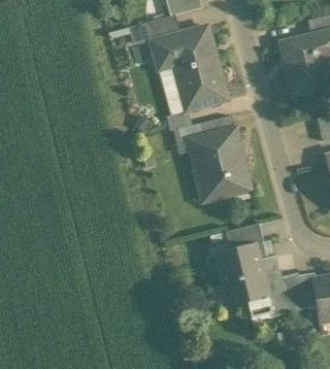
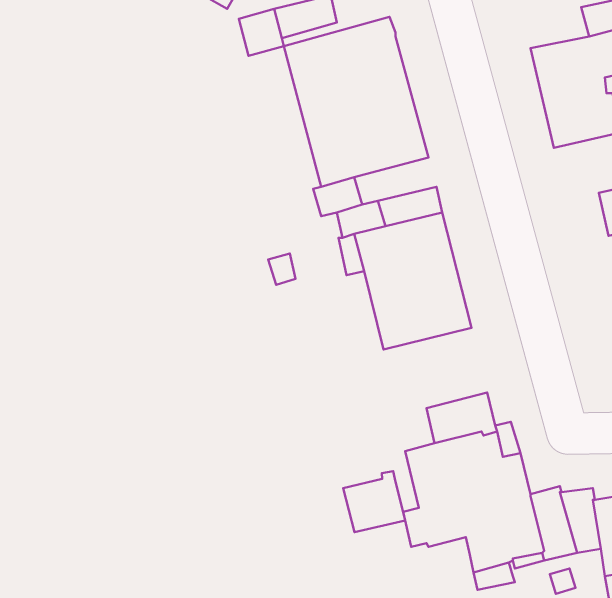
building: none -> [343,471,405,532]

